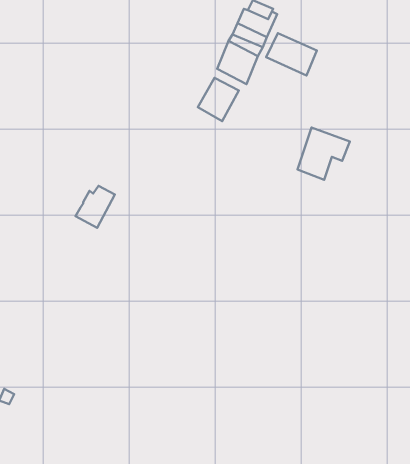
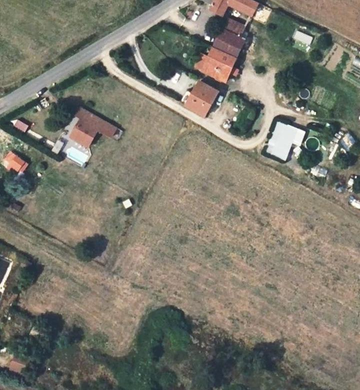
building: [266,33,317,76] -> none
building: [75,186,115,228] -> [71,113,102,146]

